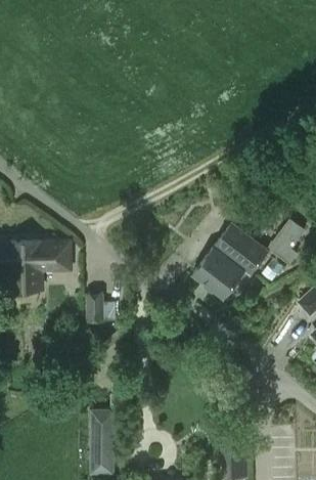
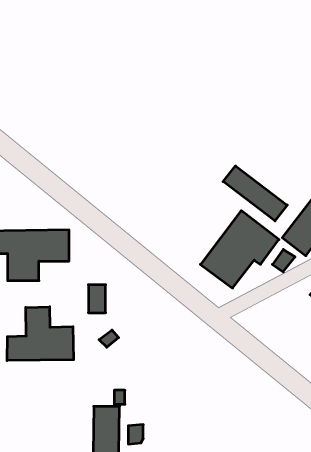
building: none -> [223,166,287,221]
building: none -> [7,307,74,361]

